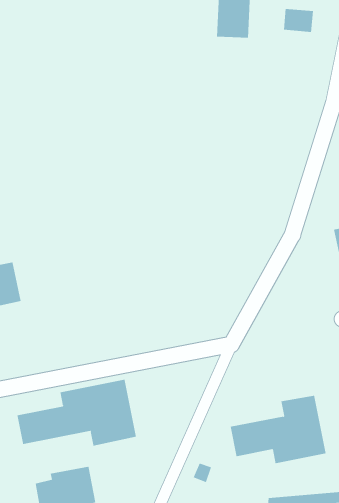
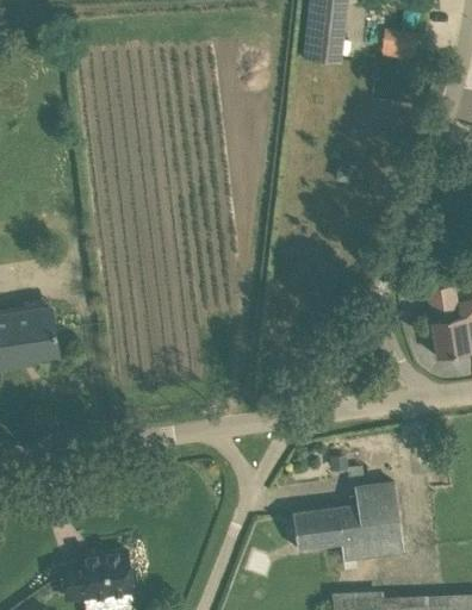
building: [17,379,136,446] -> none

